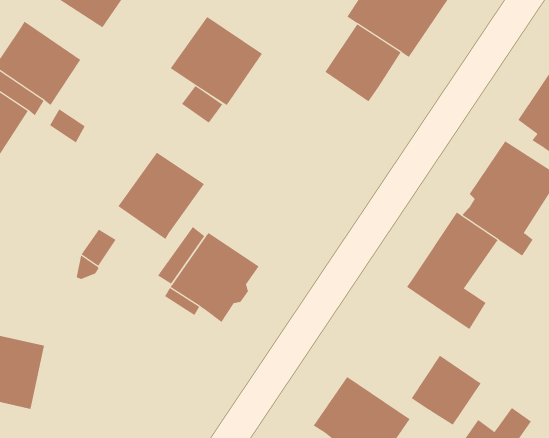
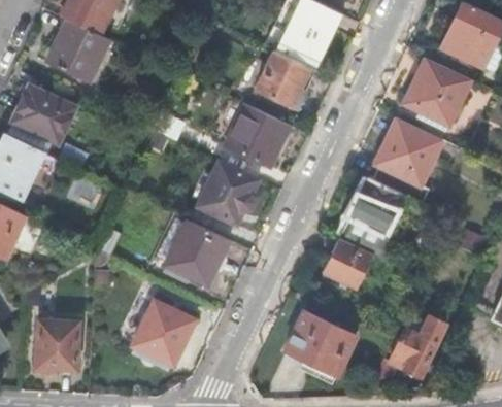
building: [170,16,263,106] -> [223,104,290,168]
building: [118,152,205,240] -> [196,161,258,225]
building: none -> [132,302,194,370]
building: [411,355,482,425] -> [323,239,373,290]

